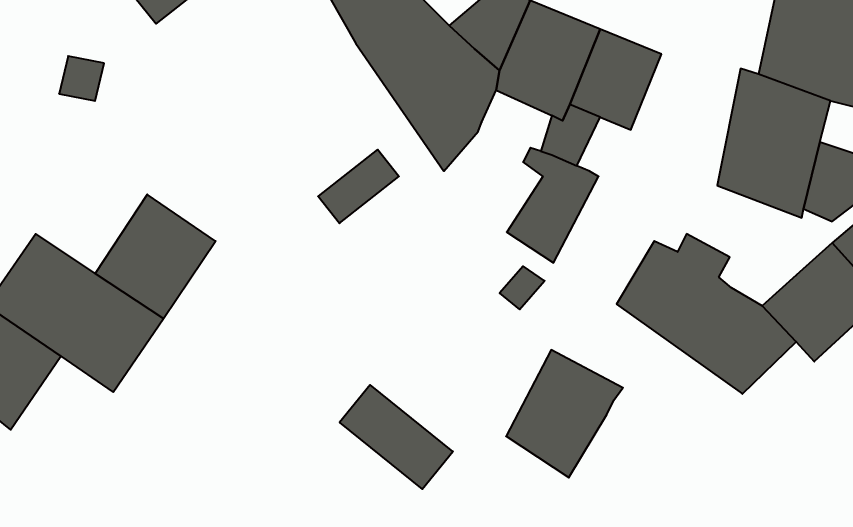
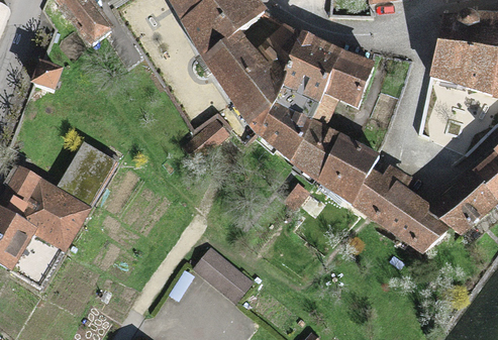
building: none -> [253,102,308,163]
building: [506,350,623,478] -> [314,132,380,204]

